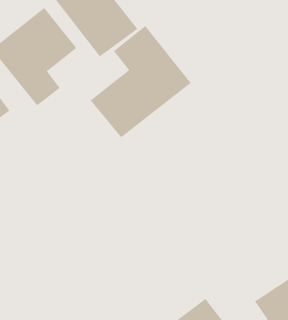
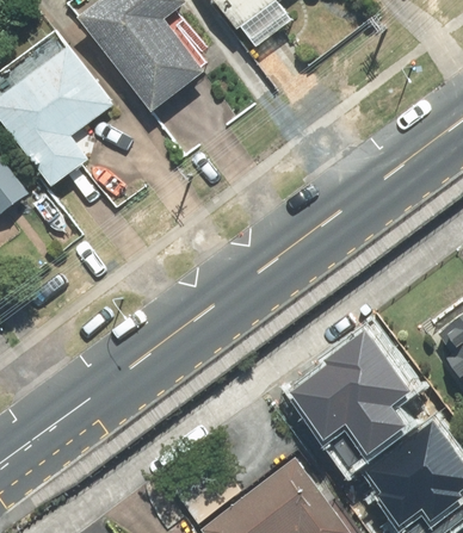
building: [90,25,191,138] -> none
building: none -> [290,330,408,448]

